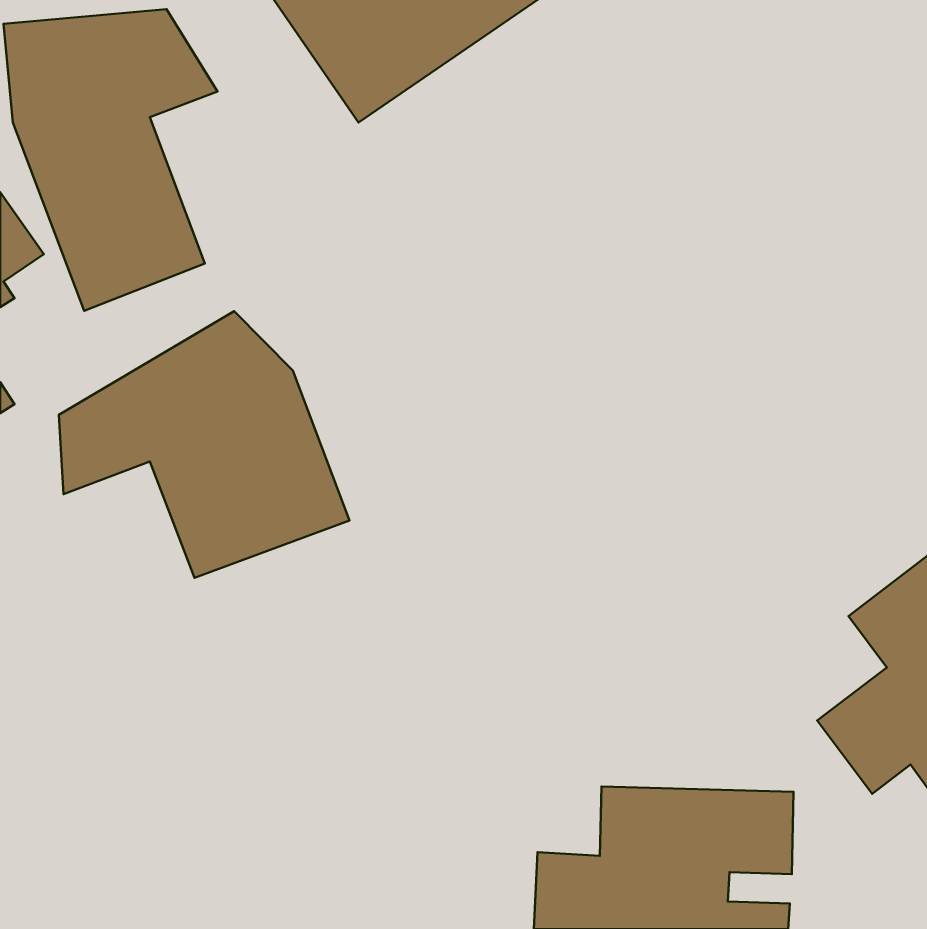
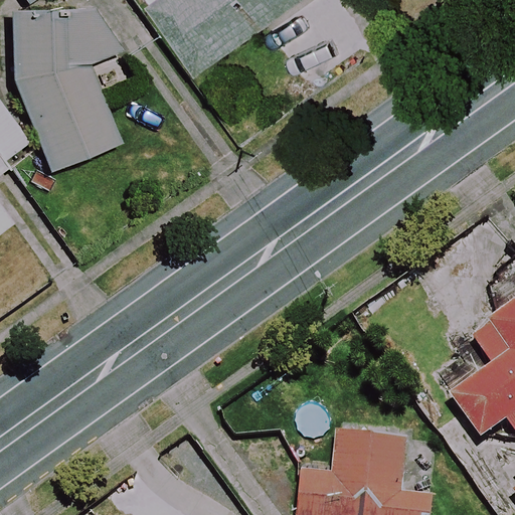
building: [59,311,350,578] -> none

